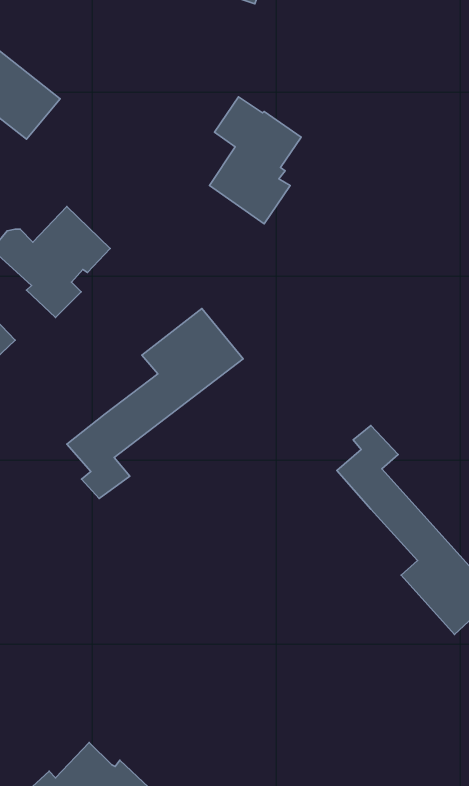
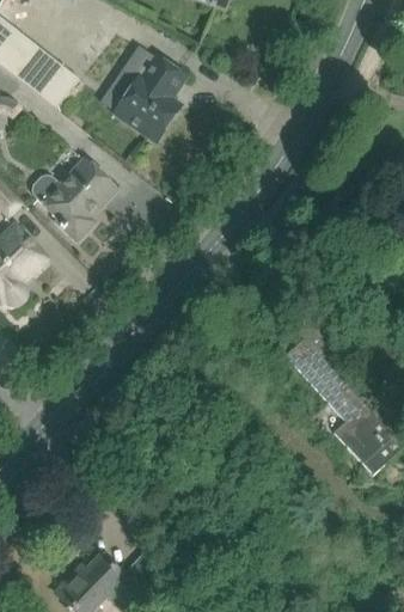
building: [210,97,301,224] -> [115,44,183,139]
building: [67,309,243,498] -> none

